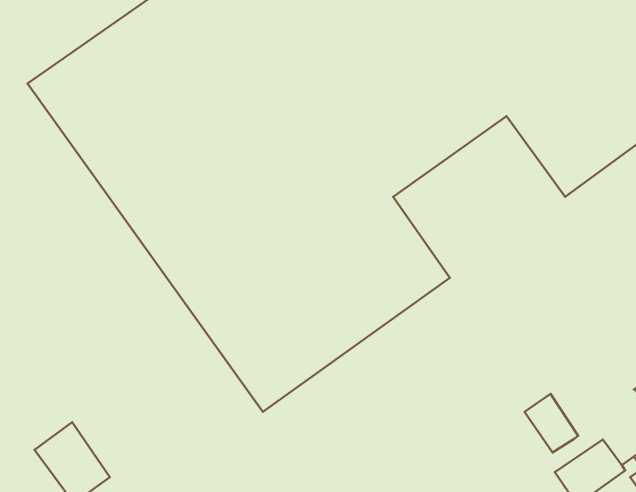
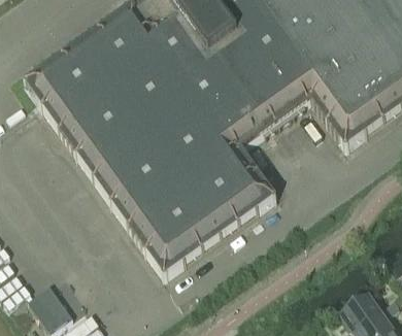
building: [525,394,578,452] -> none

